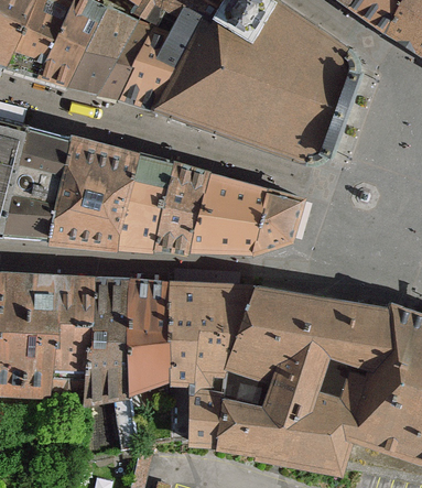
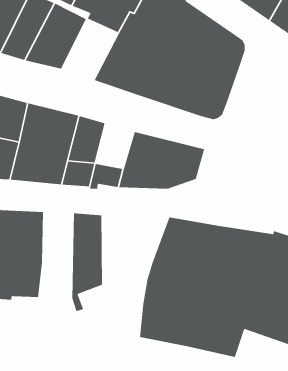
building: [116,29,190,109] -> none
building: [160,164,210,224] -> none
building: [85,280,138,449] -> none
building: [169,284,256,444] -> none

